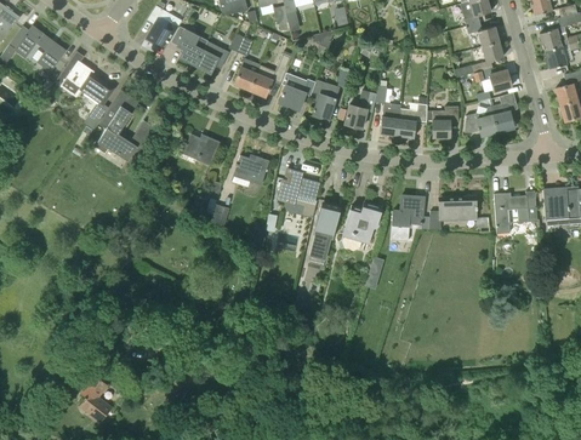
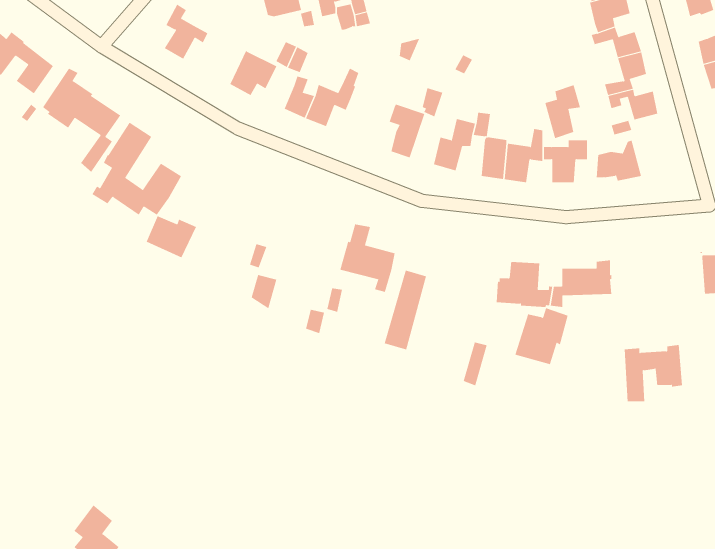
building: [177,29,206,64] -> none
building: [279,75,315,109] -> none
building: [491,92,518,132] -> [545,85,581,139]
building: [182,133,220,165] -> [146,216,197,258]
building: [233,154,269,184] -> none
building: [494,190,537,233] -> [624,344,683,402]
building: [342,201,382,244] -> [514,307,569,365]

